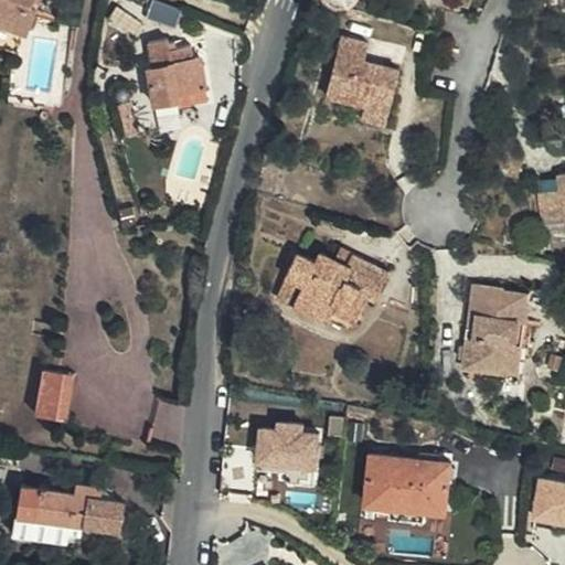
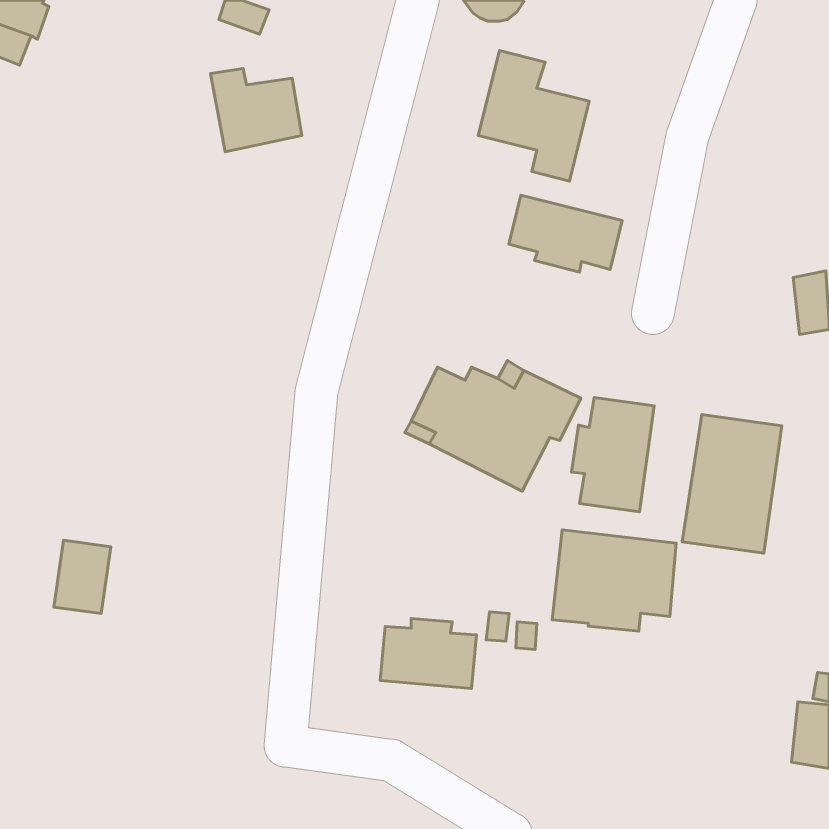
building: none -> [509,195,622,272]
building: none -> [572,398,654,512]
building: [365,456,449,524] -> [552,530,676,631]
building: [14,482,127,541] -> none

